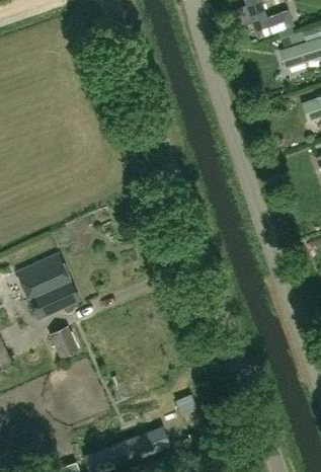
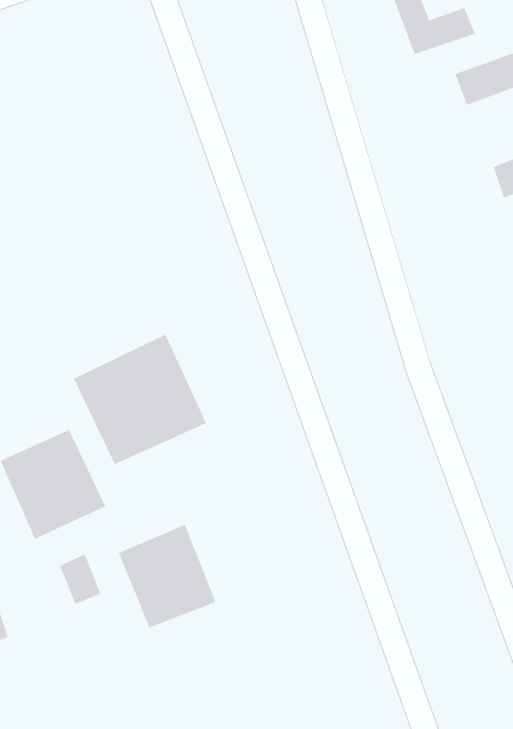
building: none -> [73,334,207,465]
building: none -> [118,524,216,628]

